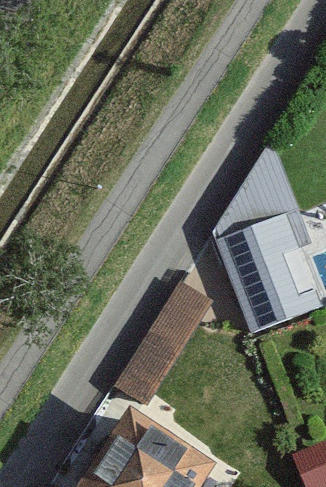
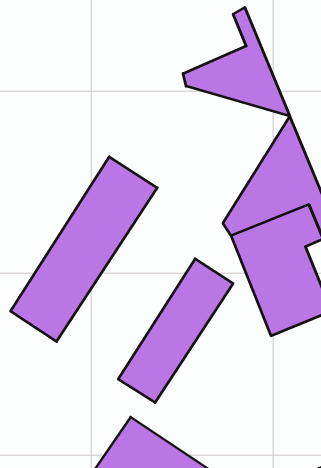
building: none -> [183,7,290,116]
building: none -> [11,157,157,342]

